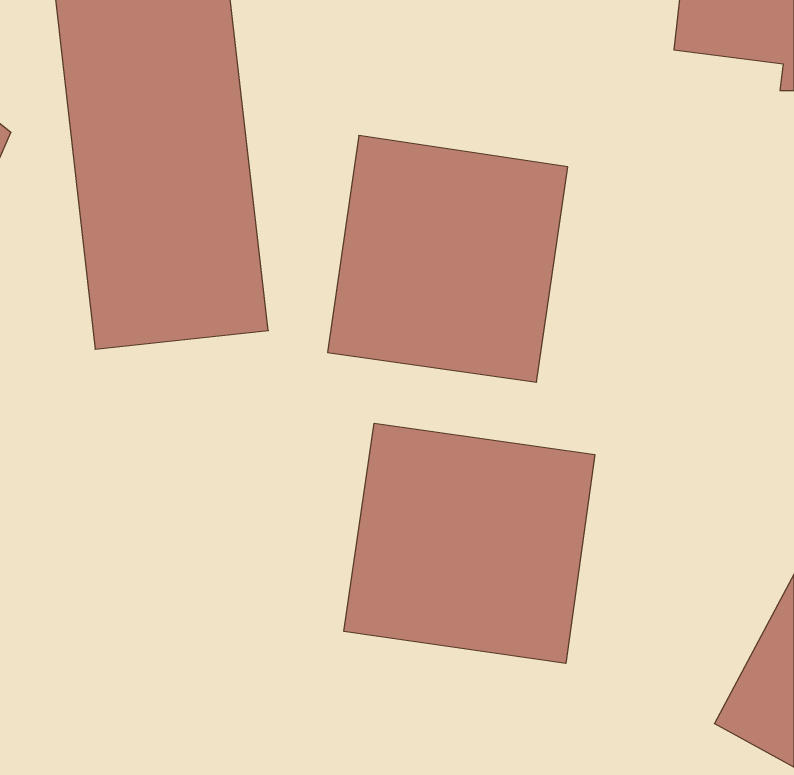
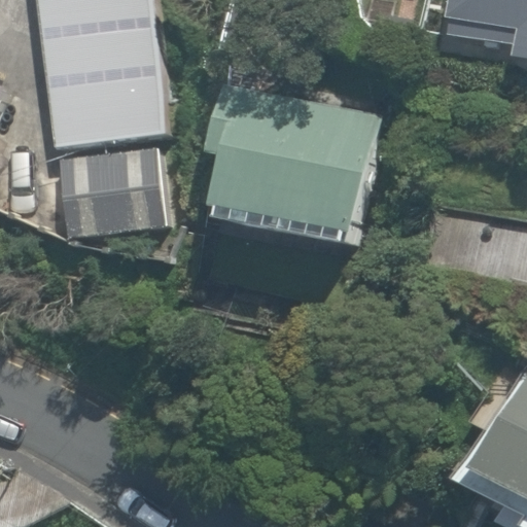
building: [344,423,595,663] -> none

